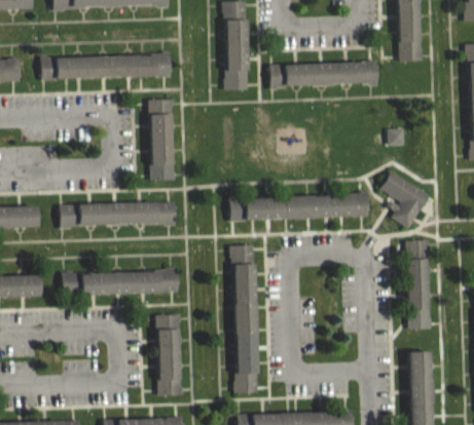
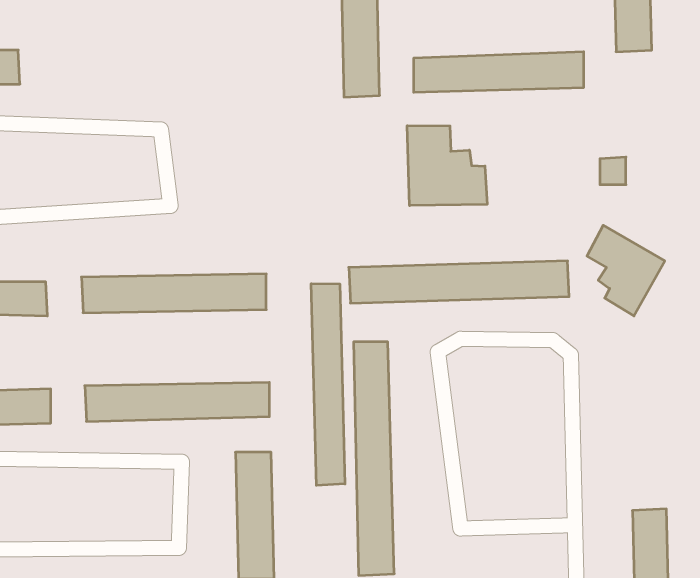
building: [41,54,172,79] -> none
building: [149,100,175,181] -> none
building: none -> [407,126,487,206]
building: none -> [311,284,345,485]
building: [406,240,430,330] -> none

